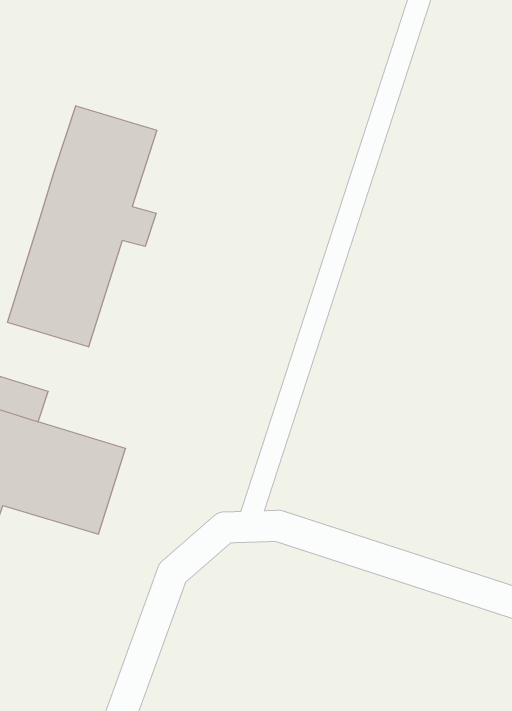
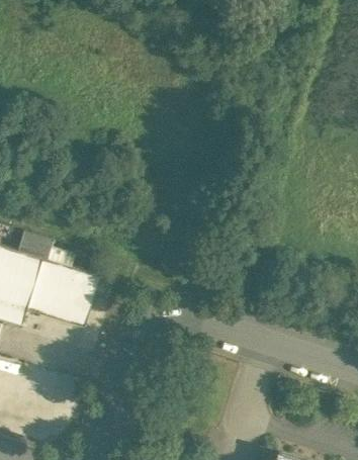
building: [8,106,157,347] -> none

